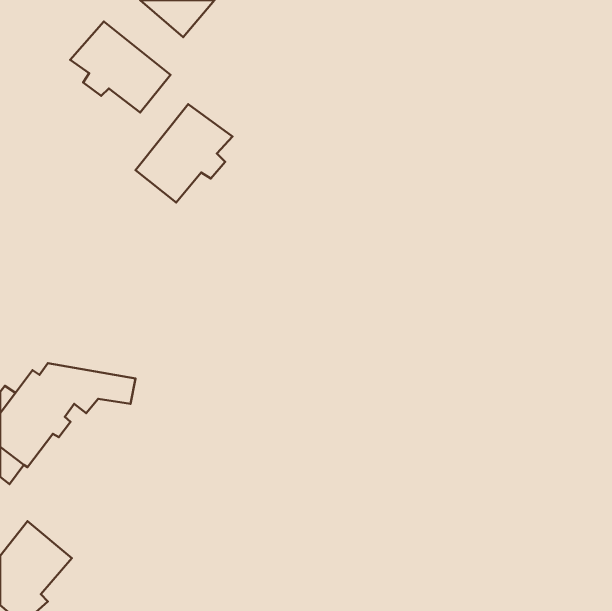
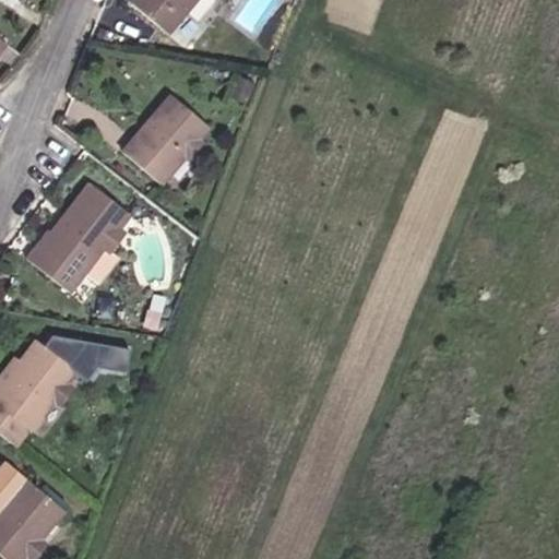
building: [70,22,171,113] -> none
building: none -> [23,183,132,295]

